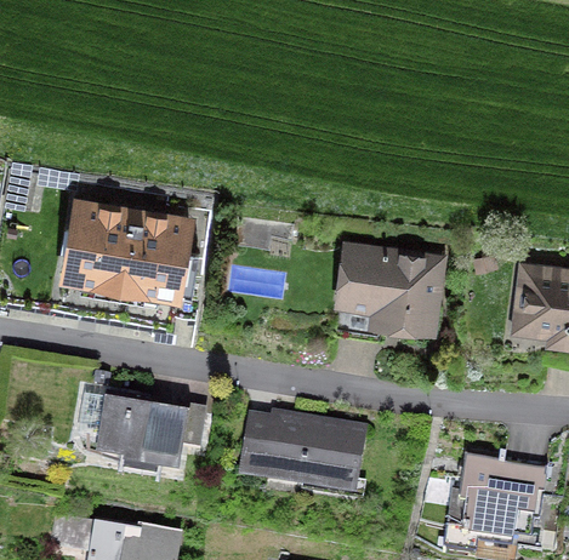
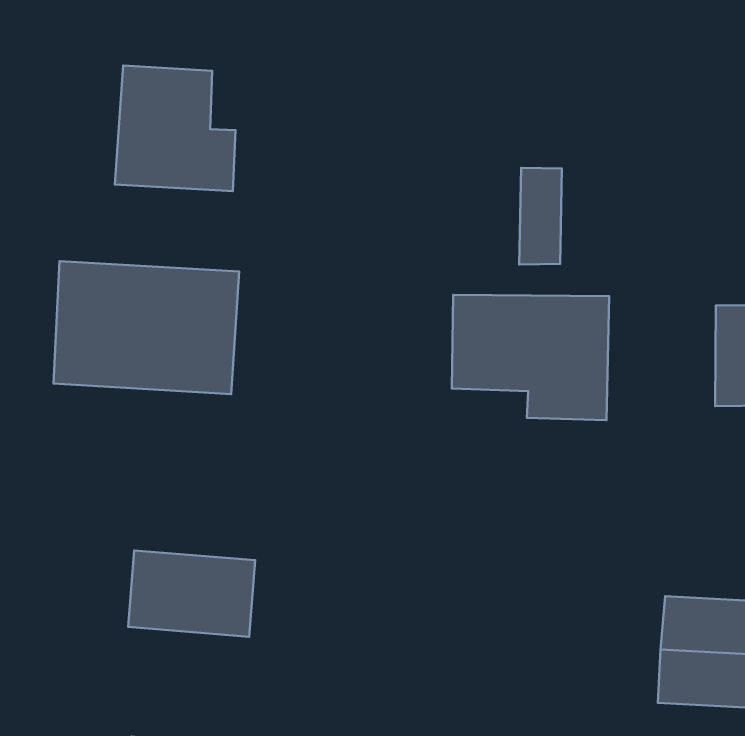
building: none -> [115,65,236,191]
building: none -> [519,168,562,265]
building: [241,410,368,495] -> none

